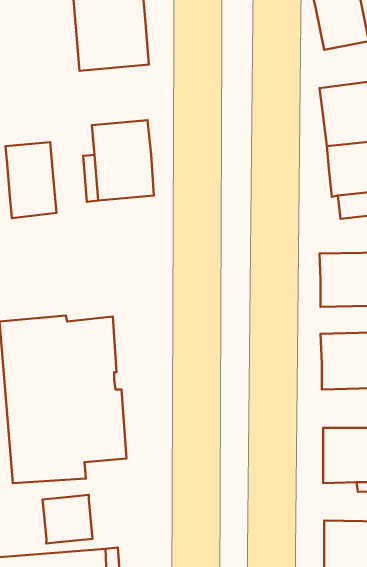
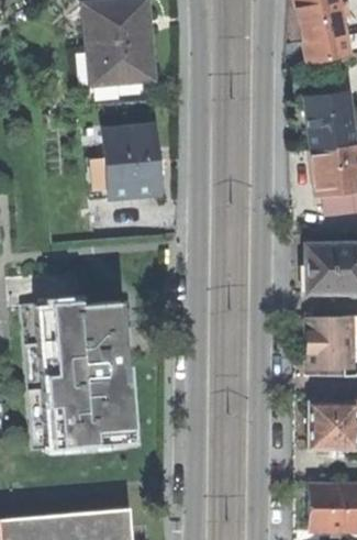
building: [5,142,57,218] -> none
building: [42,495,93,543] -> none

